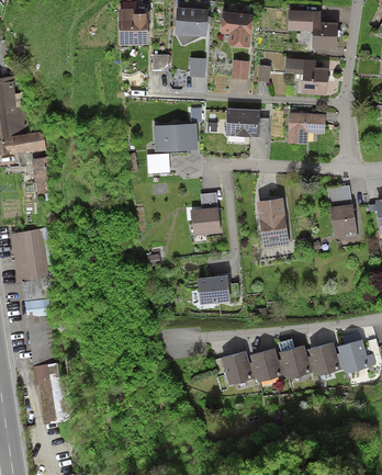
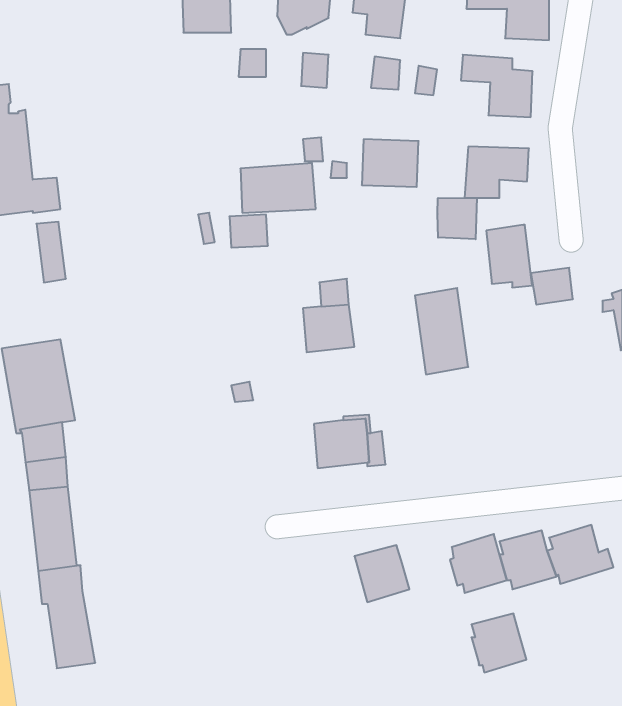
building: none -> [438,198,477,239]
building: [329,204,357,241] -> [486,225,532,287]
building: [249,348,282,383] -> [471,614,526,672]

